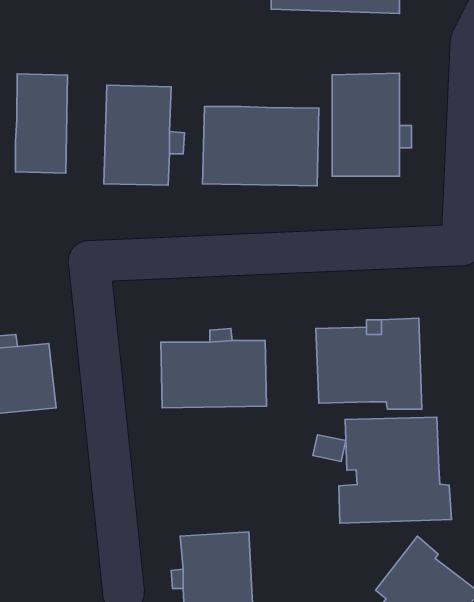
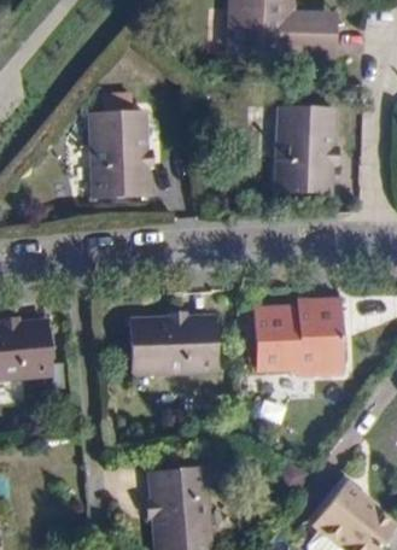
building: [15,74,68,173] -> none
building: [203,106,319,186] -> none
building: [339,417,452,523] -> none

